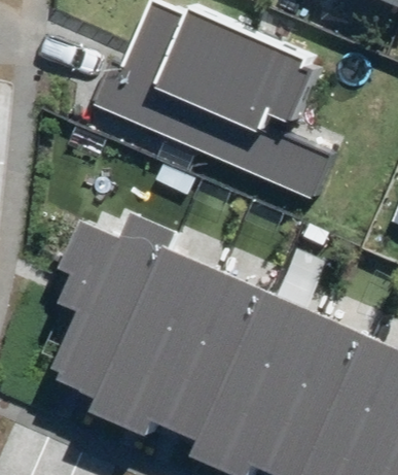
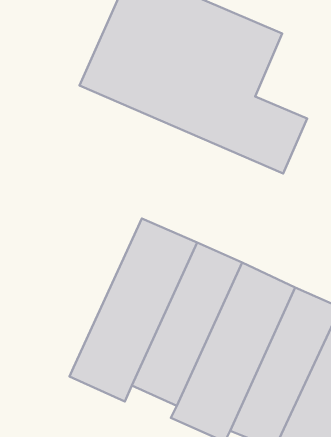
building: [50,215,170,401] -> none

